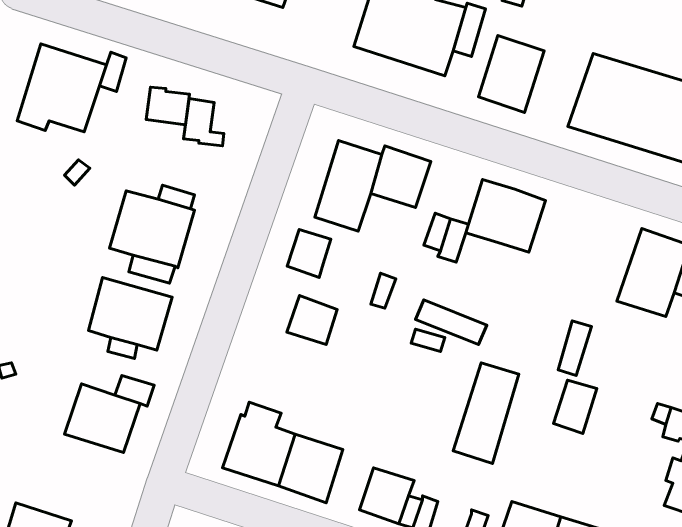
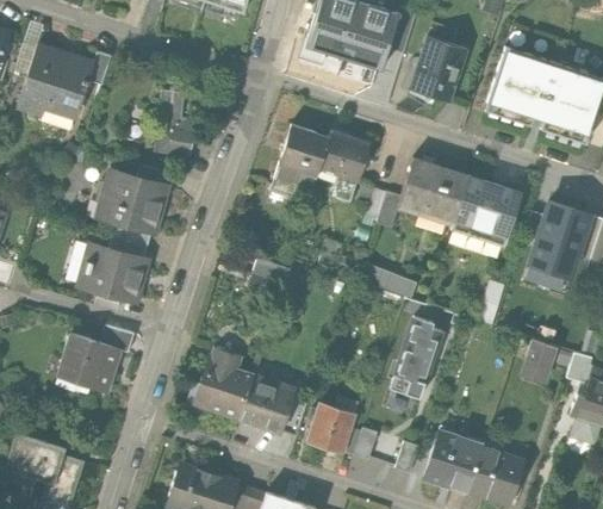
building: [146,87,190,125] -> [155,124,192,156]
building: none -> [453,178,523,249]
building: [287,229,331,278] -> none
building: [553,380,597,433] -> [521,340,558,385]

